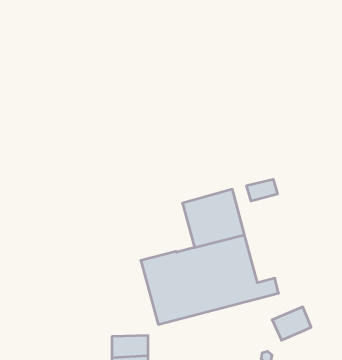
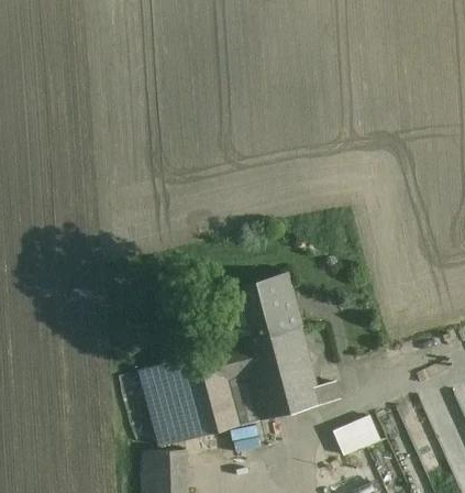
building: [247,179,277,201] -> none
building: none -> [140,361,198,447]

